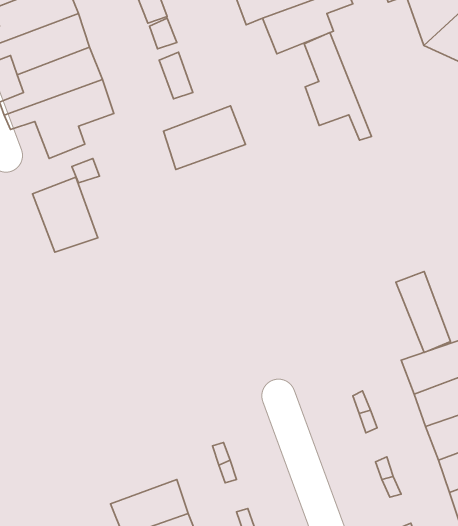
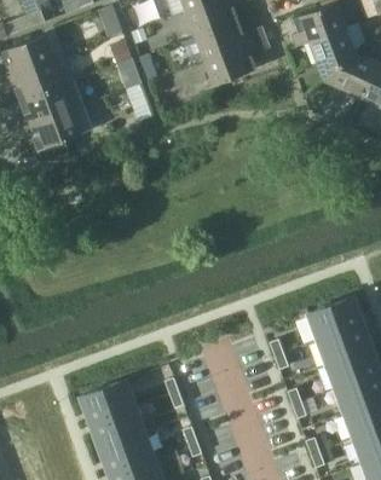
building: [304,33,372,140] -> none
building: [163,106,246,170] -> none
building: [33,177,98,252] -> none
building: [396,272,451,352] -> none
building: none -> [80,380,138,422]

